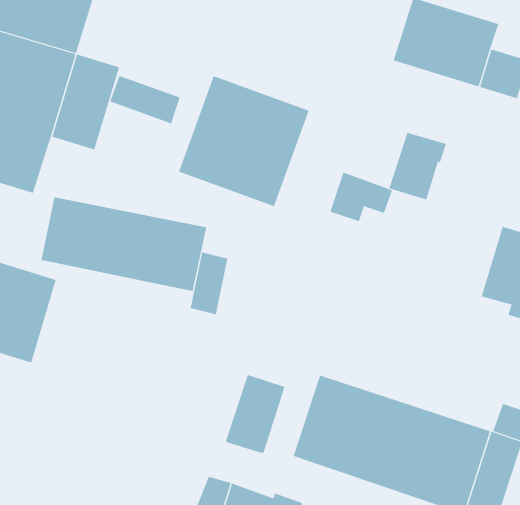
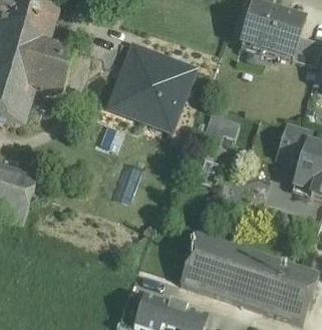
building: [109,75,180,124] -> none
building: [389,132,447,200] -> [277,123,312,164]
building: [41,197,207,292] -> none
building: [225,374,285,454] -> none

